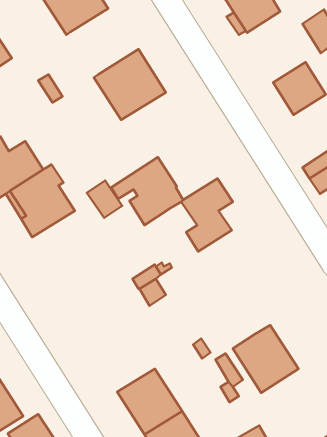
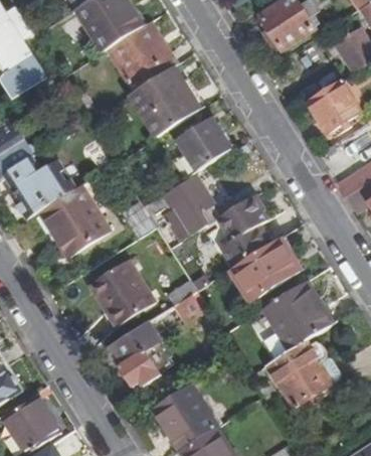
building: none -> [106,22,176,92]
building: none -> [177,119,231,172]
building: none -> [228,238,300,300]
building: none -> [88,260,154,326]
building: none -> [261,282,332,350]
building: none -> [106,322,160,387]

